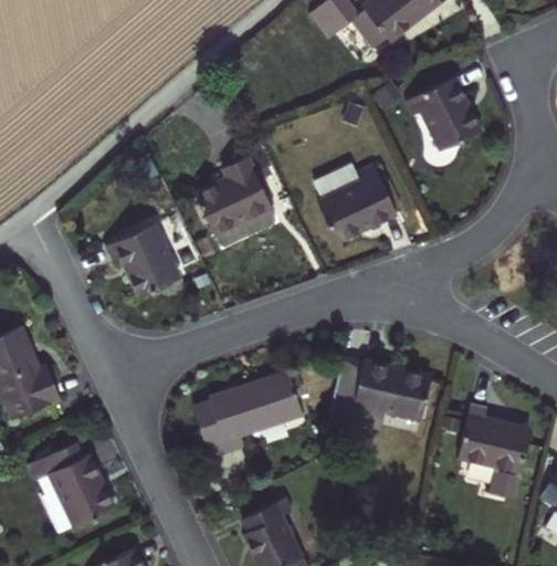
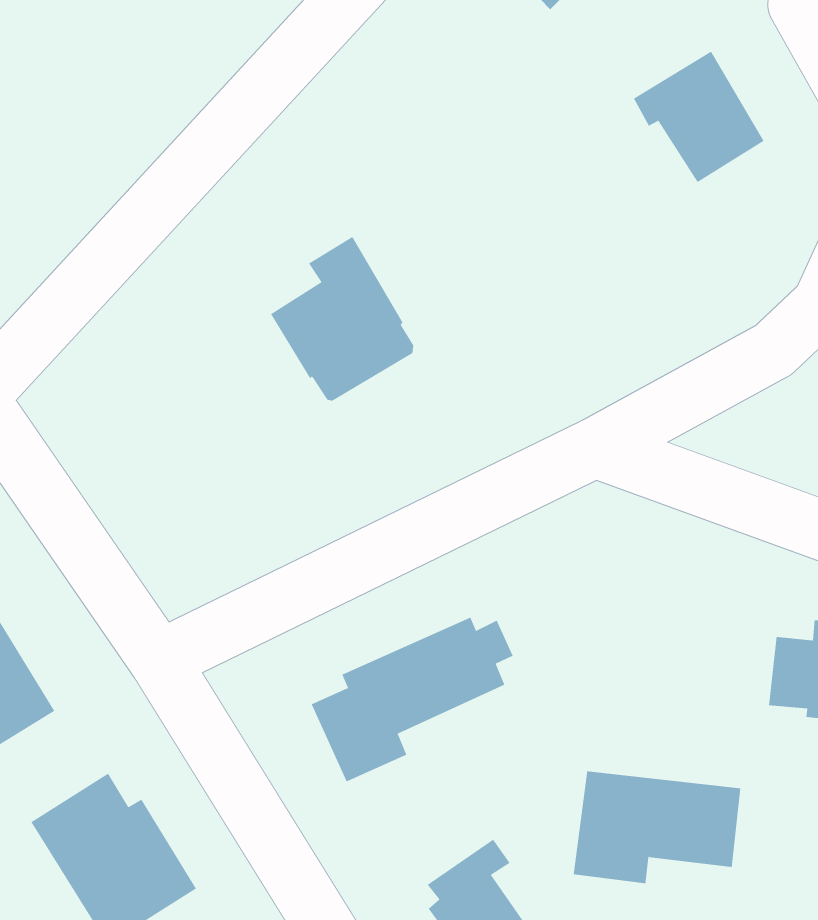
building: [315,157,403,245] -> none
building: [111,221,180,293] -> none
building: [335,355,433,421] -> [573,771,741,884]

